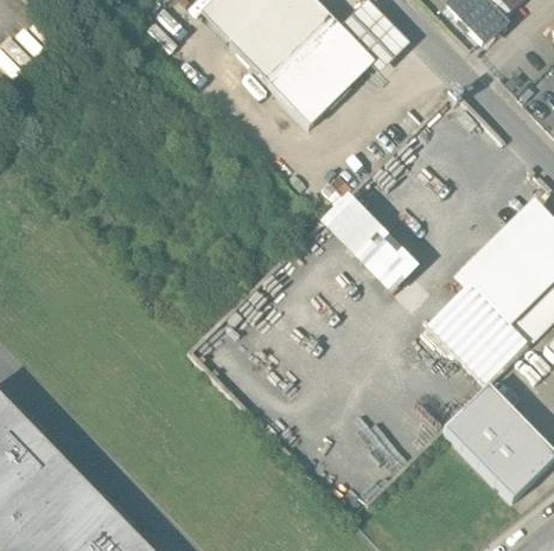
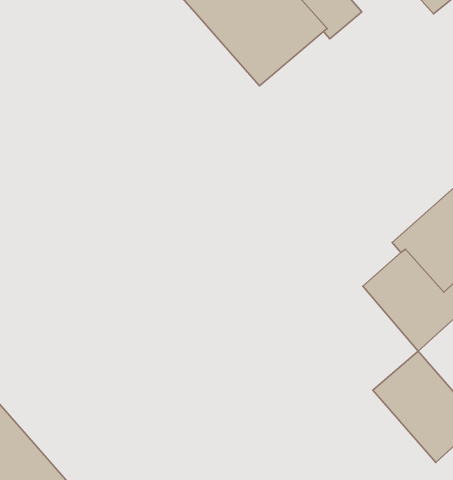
building: [320,190,422,288] -> none

